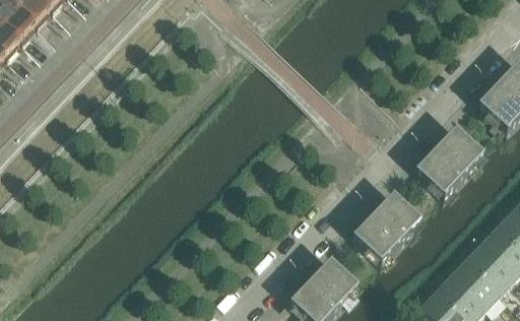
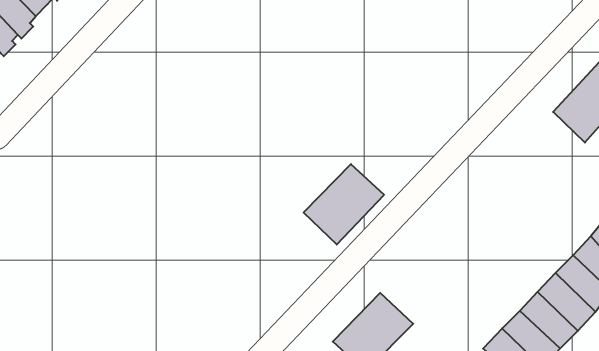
building: [415,125,483,194] -> none
building: [352,191,421,260] -> [304,164,384,245]

